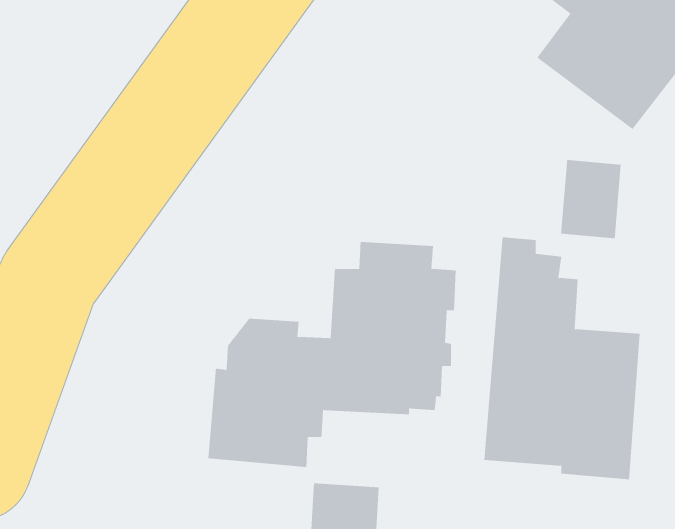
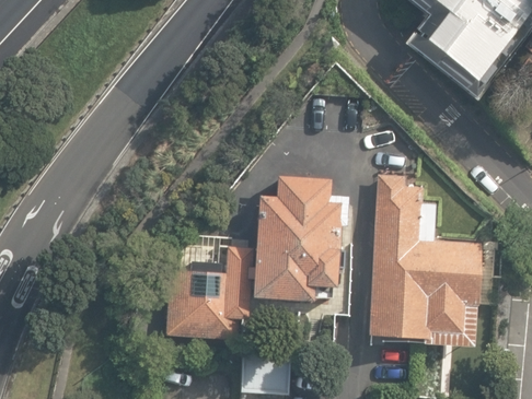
building: [561,159,621,239] -> none

